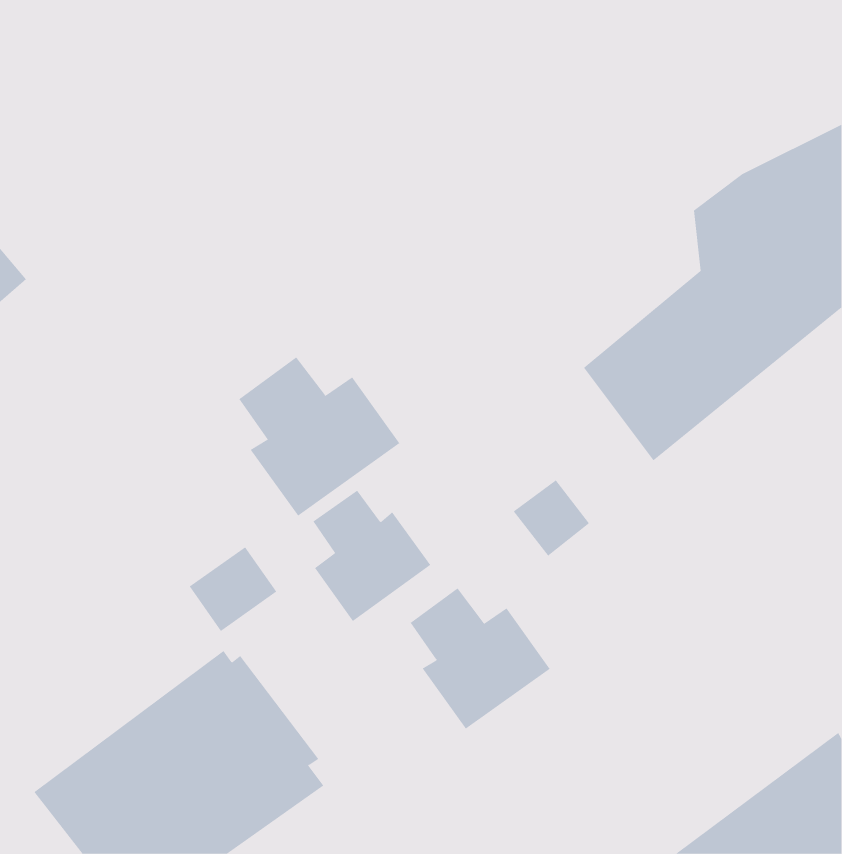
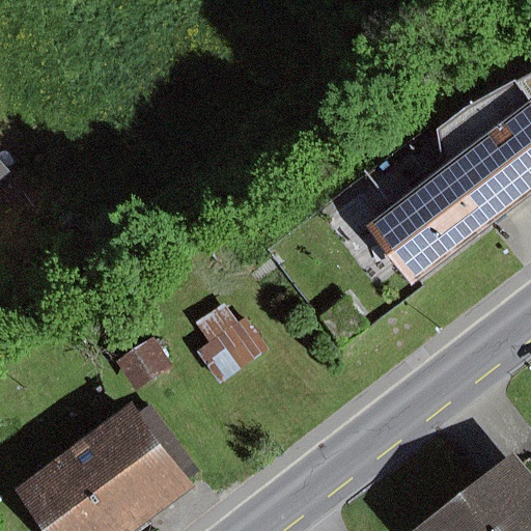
building: [239,357,400,517] -> none
building: [410,587,551,730] -> none

